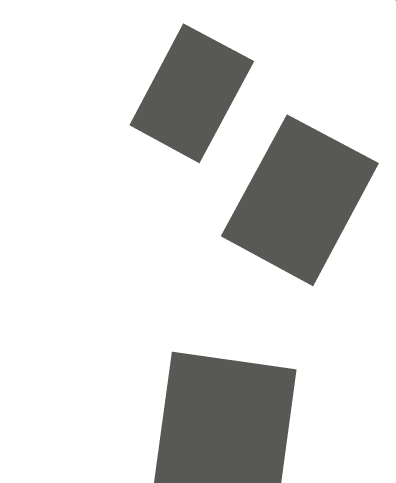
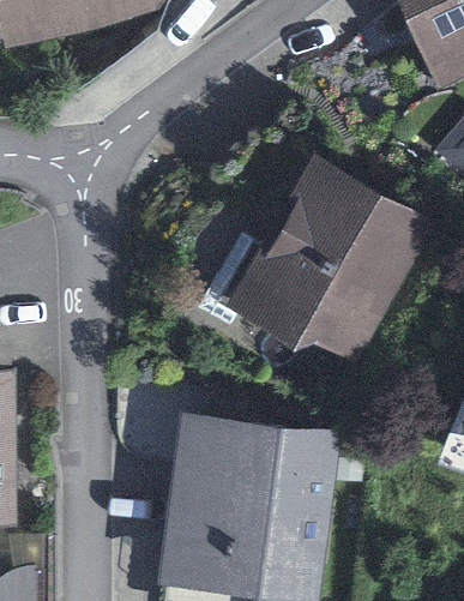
building: [128,22,255,164] -> none

